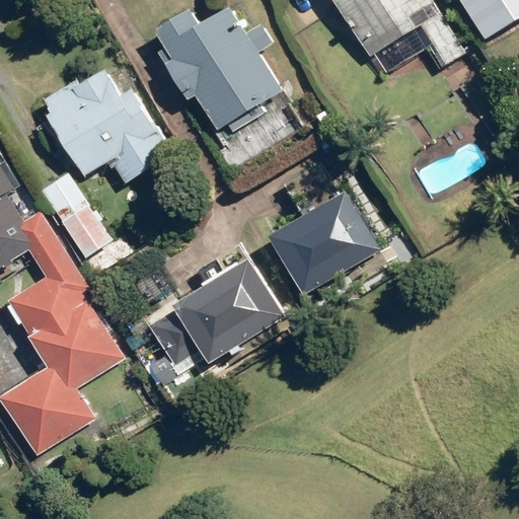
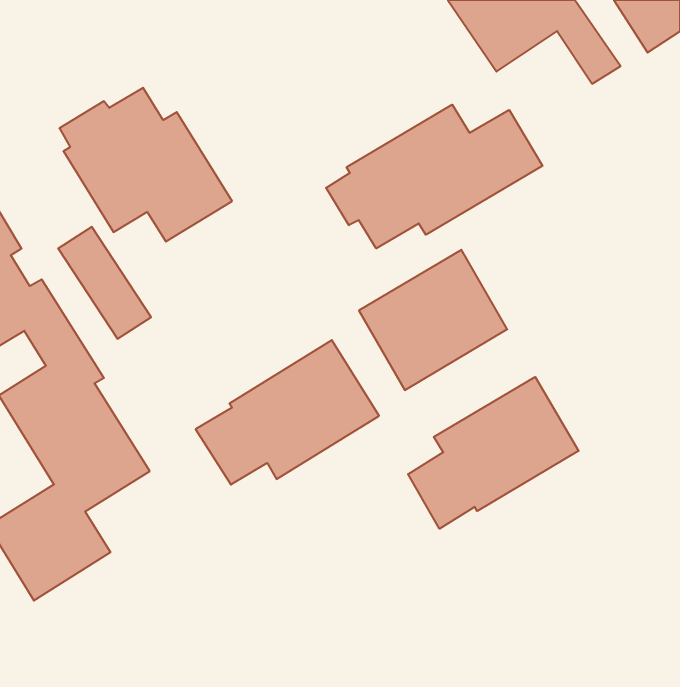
building: [156,7,281,130] -> none
building: none -> [326,105,542,248]
building: none -> [408,377,579,529]

